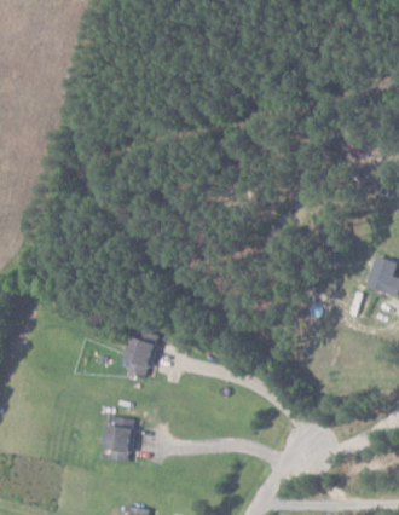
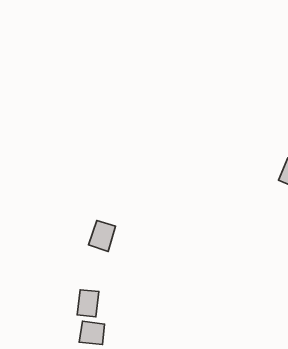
building: none -> [79,321,104,345]

